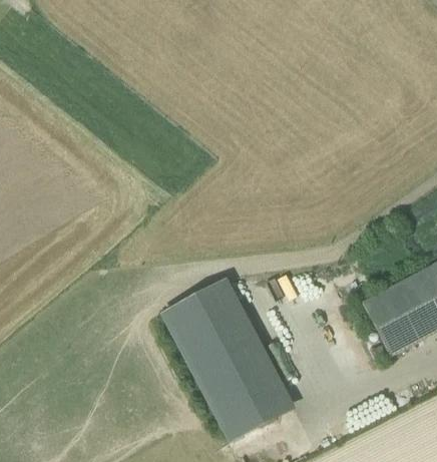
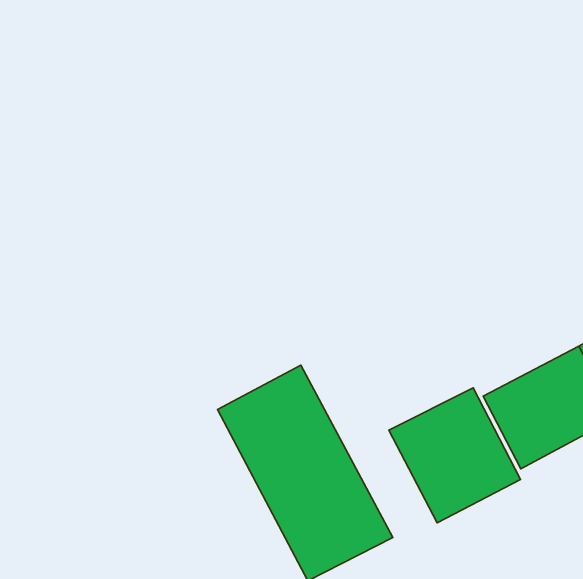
building: none -> [389,388,520,523]

